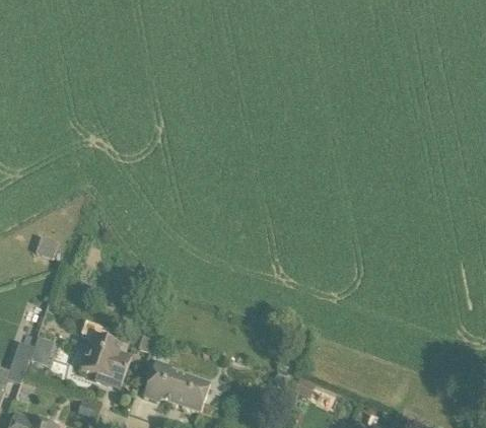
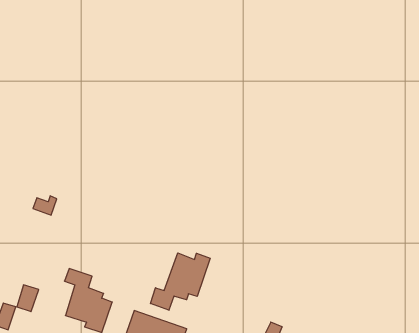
building: none -> [151,253,210,310]

